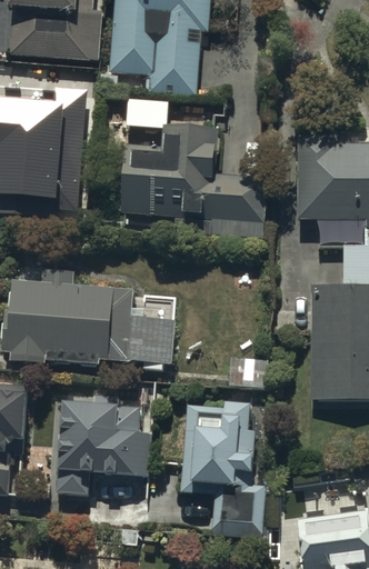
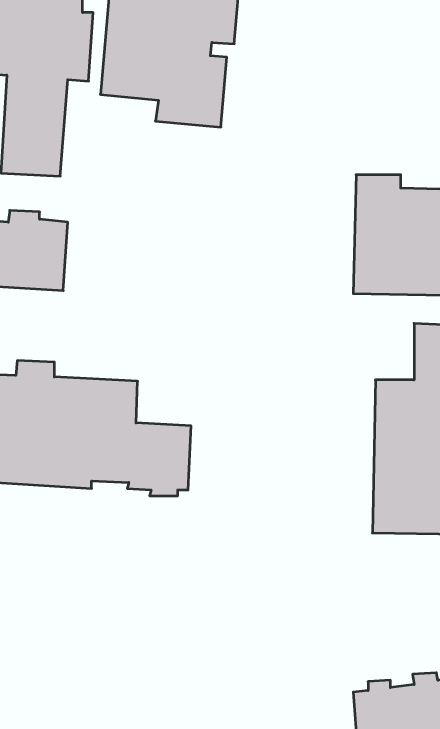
building: [121,123,269,237] -> none
building: [182,397,269,538] -> none
building: [57,401,151,493] -> none

